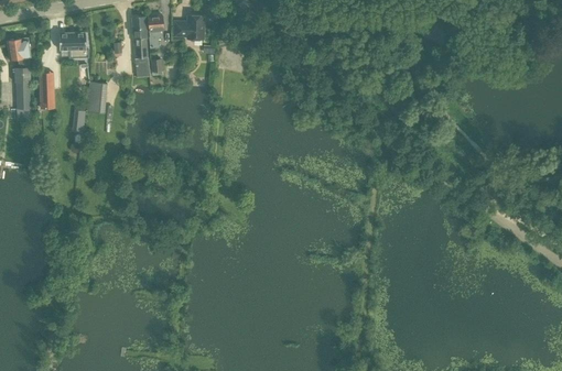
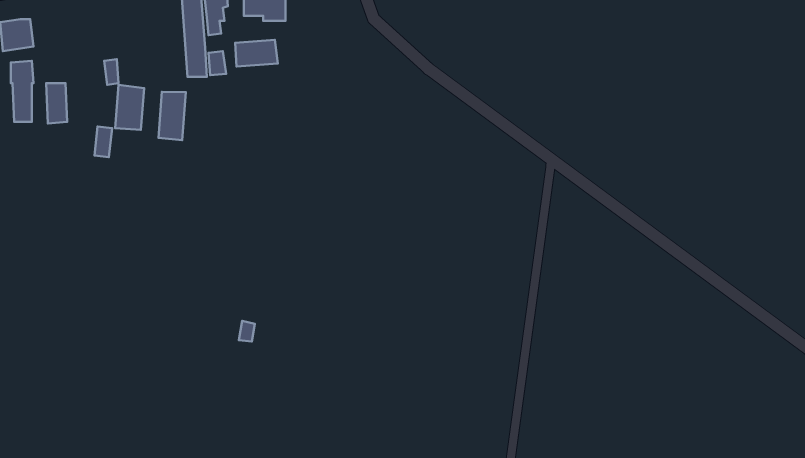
building: [57,33,86,58] -> none
building: none -> [235,40,278,67]
building: none -> [159,92,186,140]

